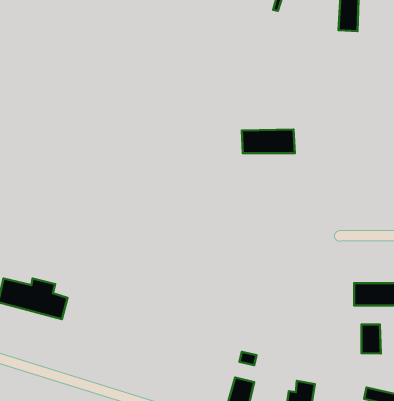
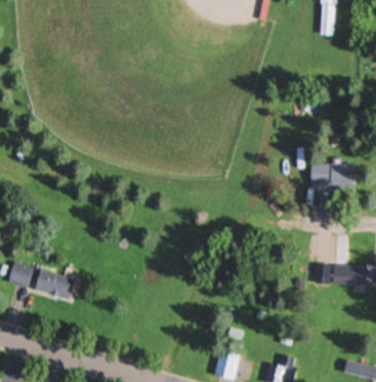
building: [242,130,295,153] -> [309,164,358,185]
building: [362,324,381,354] -> none

